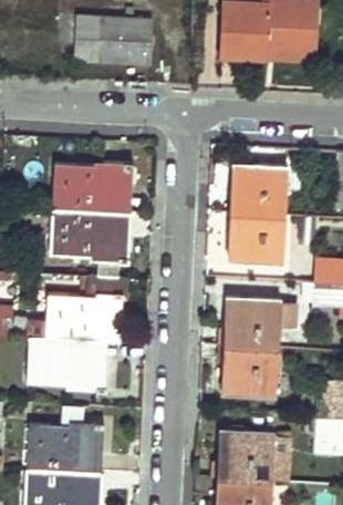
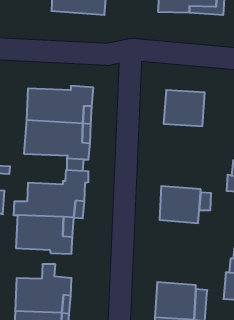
building: [227,213,282,262] -> none
building: [220,344,277,395] -> none

